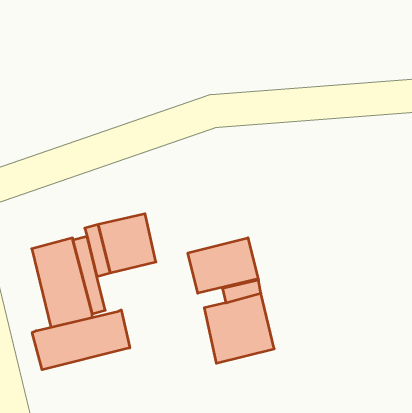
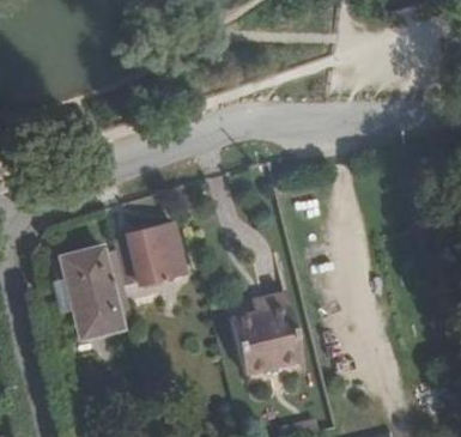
building: [188,238,258,293] -> none
building: [32,310,130,370] -> none

